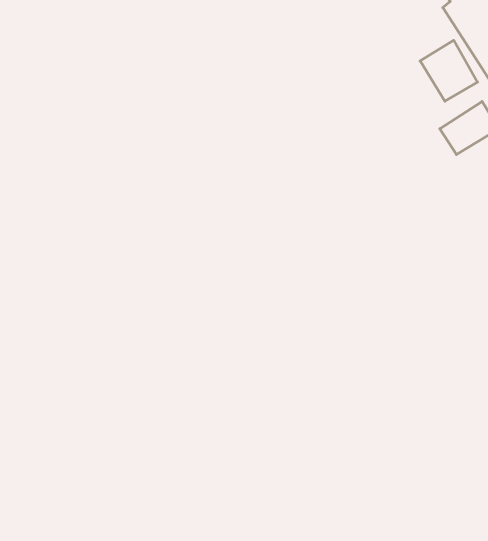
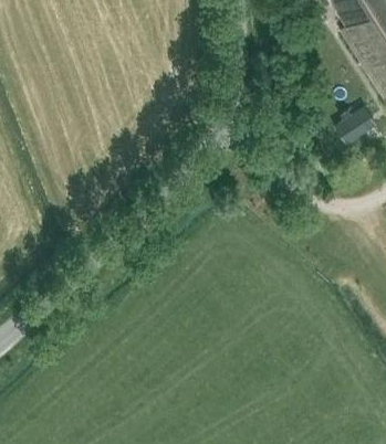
building: [420,40,478,101] -> none

